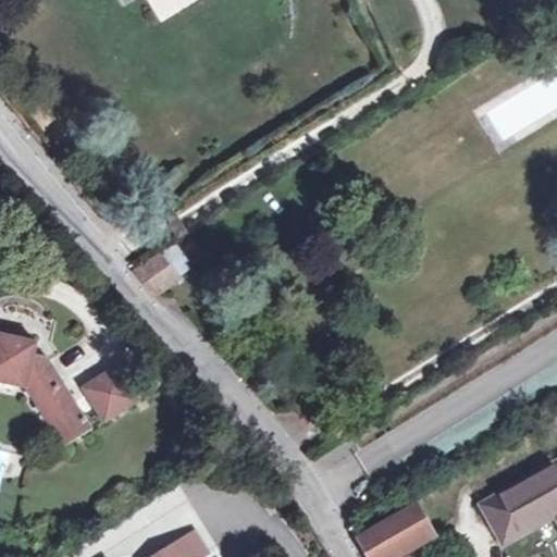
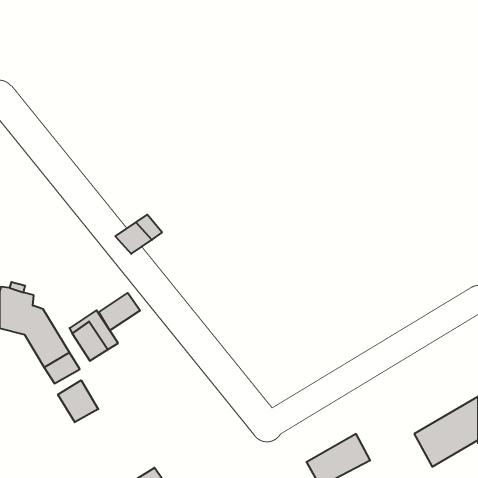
building: none -> [99,293,140,330]
building: none -> [58,380,98,422]

